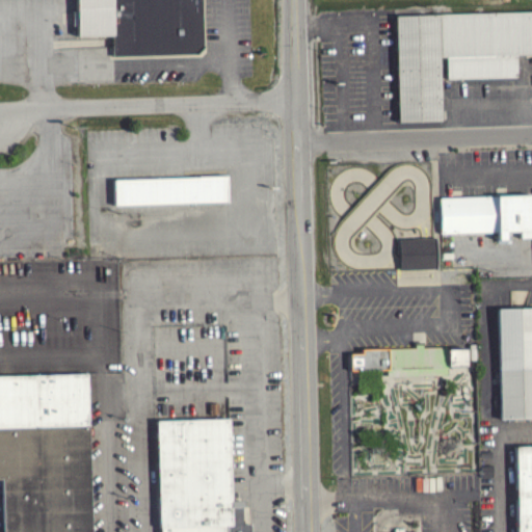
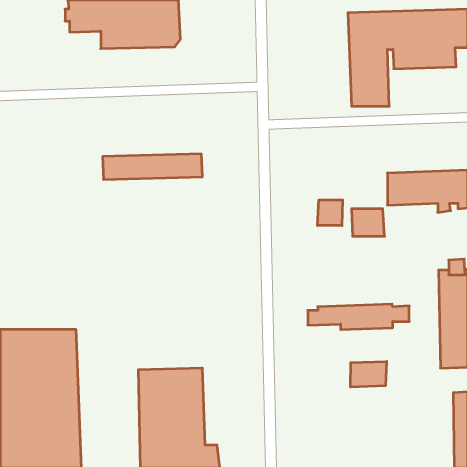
building: none -> [318,200,343,226]
building: none -> [351,361,387,387]

